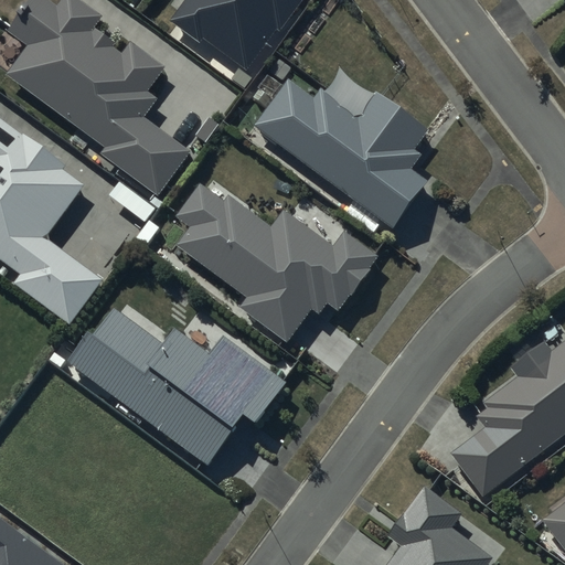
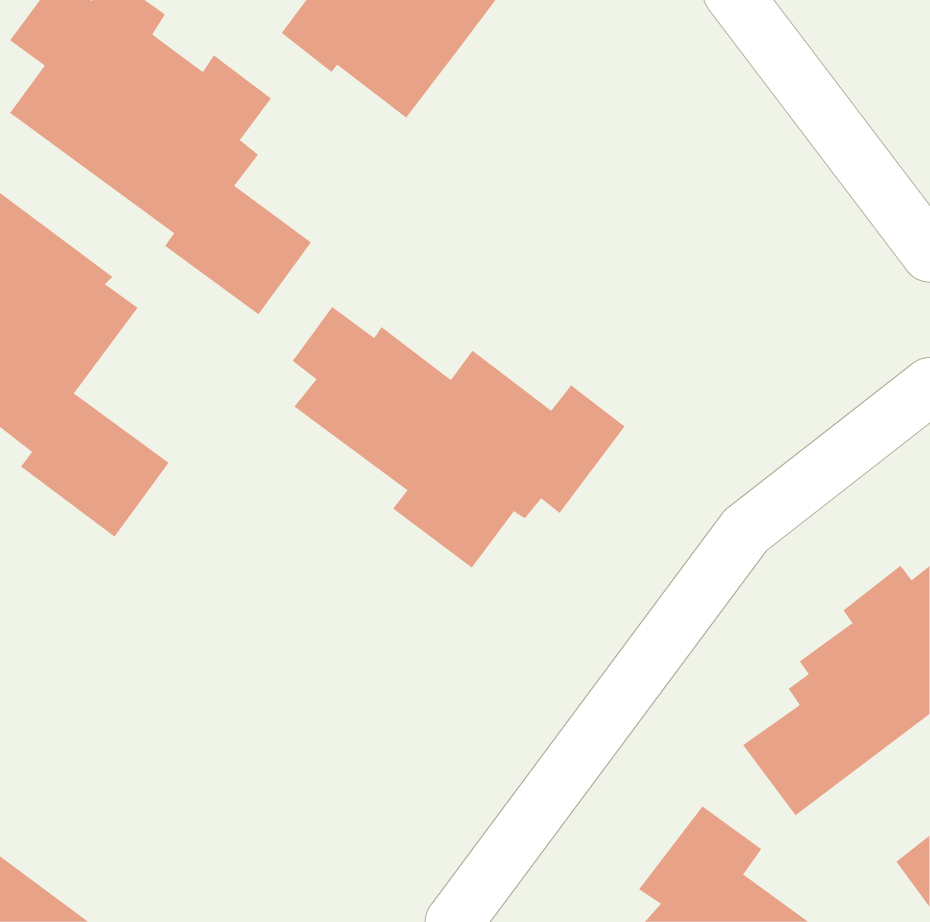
building: [254,81,429,233] -> none
building: [68,311,287,467] -> none

